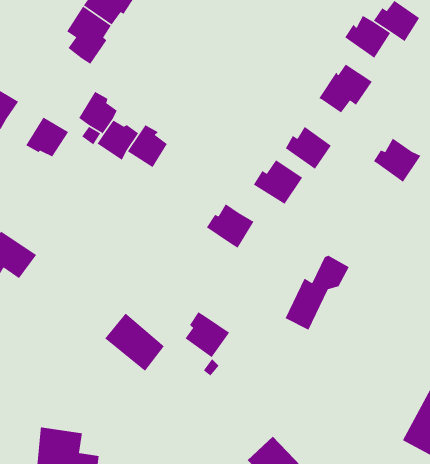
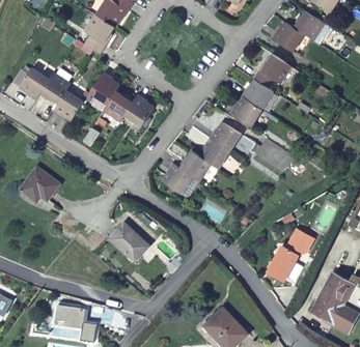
building: none -> [40,75,70,102]
building: [373,137,421,183] -> [242,79,275,110]
building: none -> [199,137,230,168]
building: [285,255,350,331] -> [267,230,311,282]
building: [185,311,230,358] -> [161,162,192,194]

